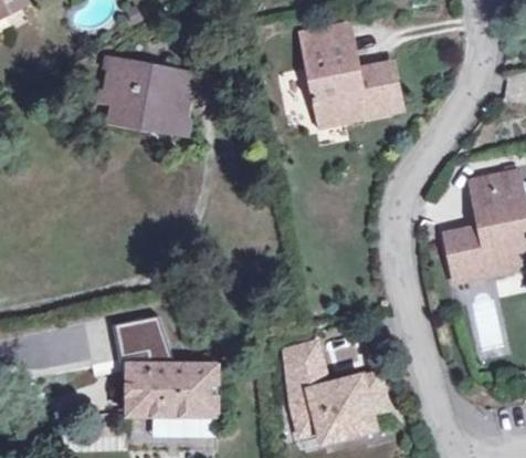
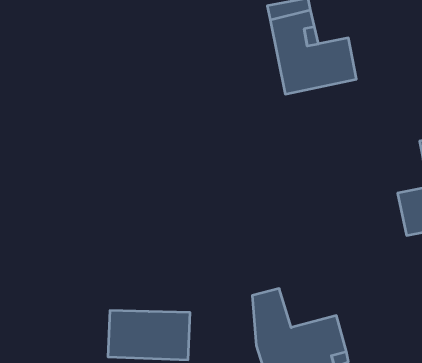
building: [98,58,193,133] -> none
building: [113,316,170,365] -> none

